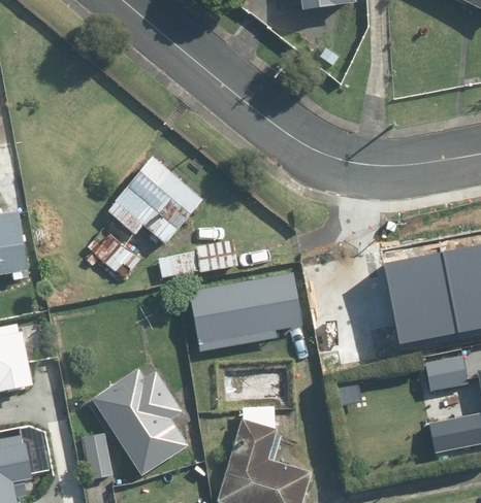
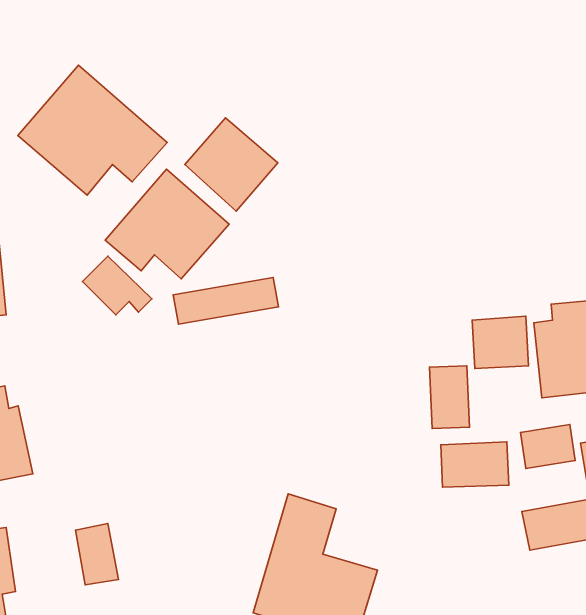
building: none -> [18,65,167,195]
building: none -> [185,118,278,211]
building: [195,276,307,354] -> none
building: [90,359,188,475] -> none
building: none -> [441,442,509,487]

